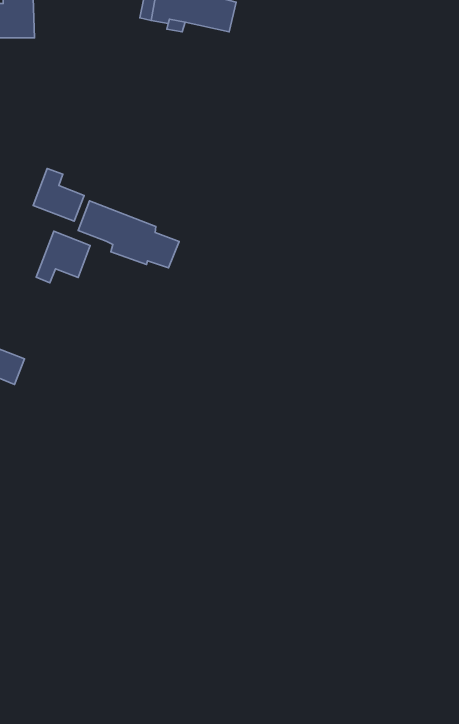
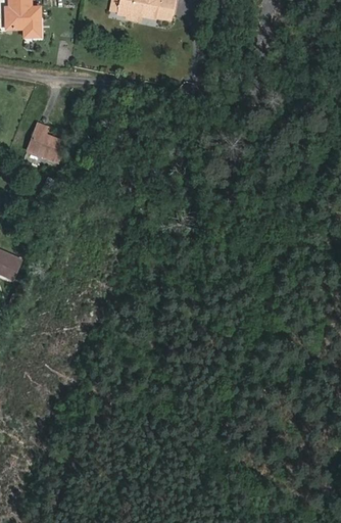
building: [78,201,179,268] -> none
building: [36,231,90,283] -> none

